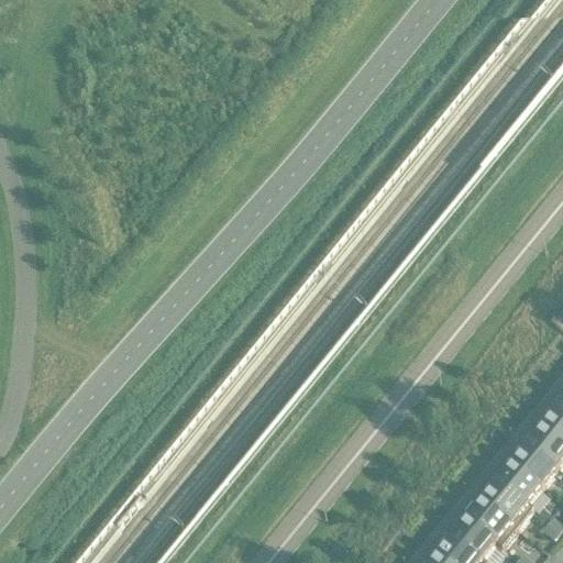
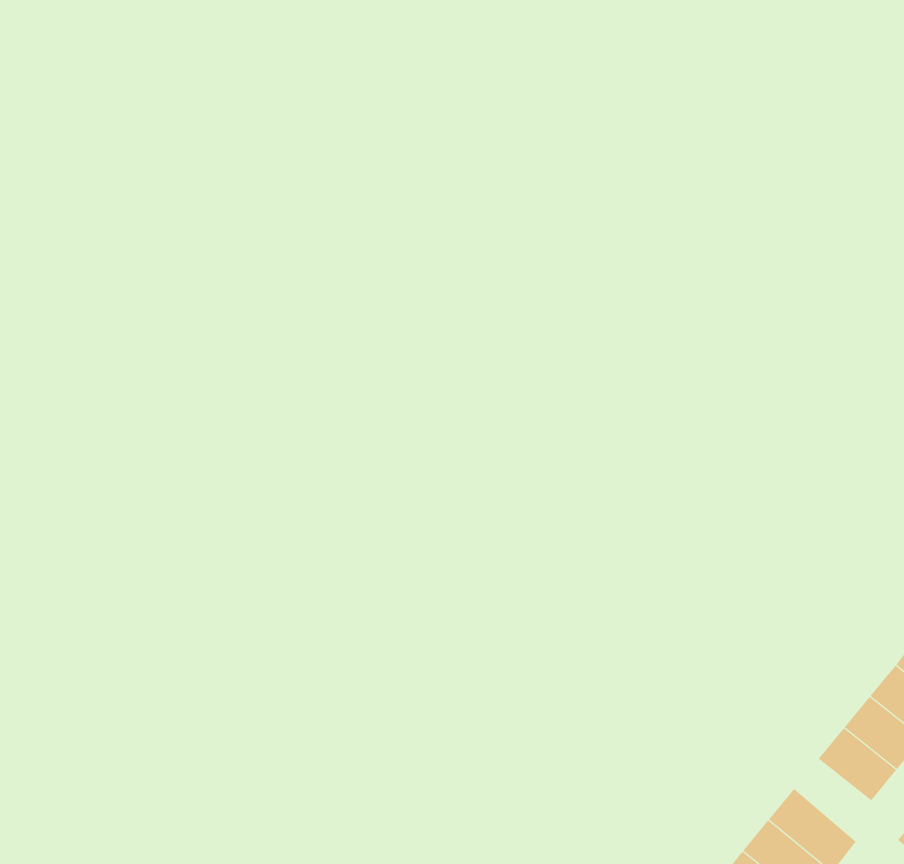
building: [475,475,528,525] -> none

